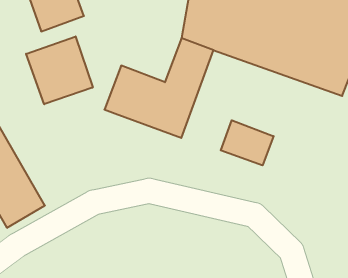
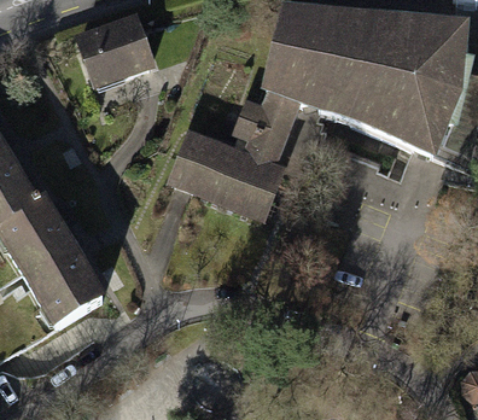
building: [26,36,93,104] -> none
building: [221,120,274,165] -> none

